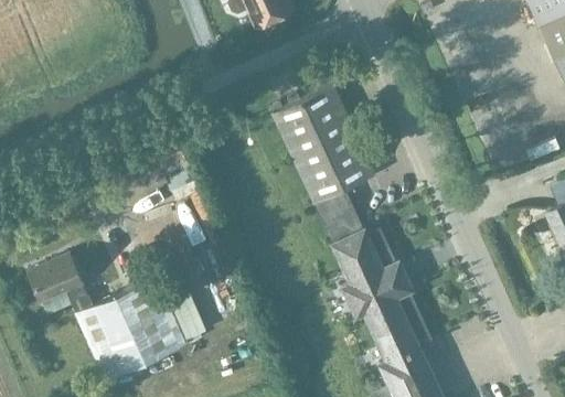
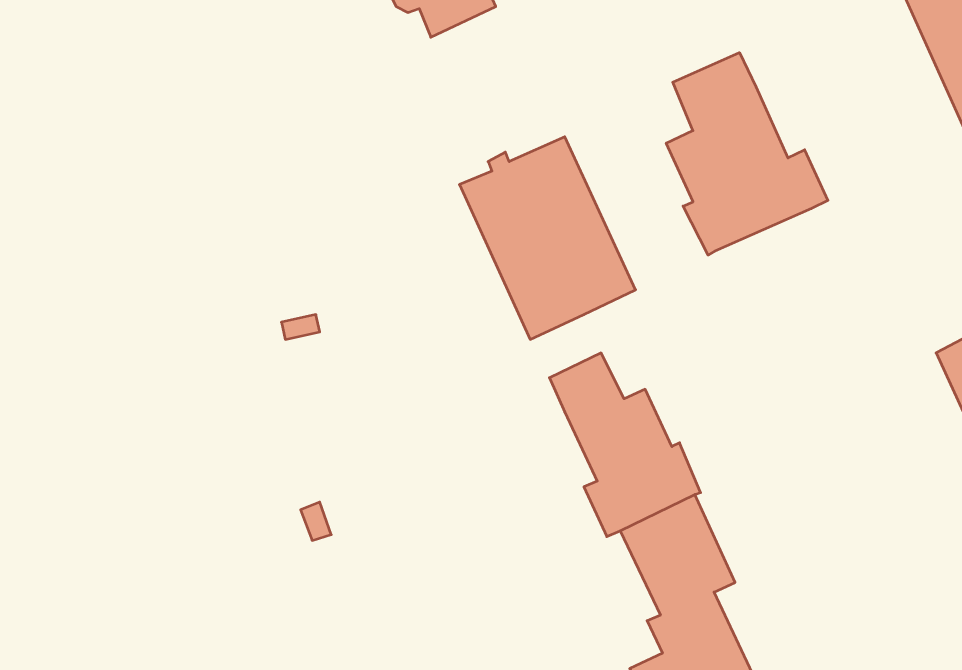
building: none -> [666,53,828,255]
building: [312,187,353,224] -> none
building: [28,253,185,379] -> none

